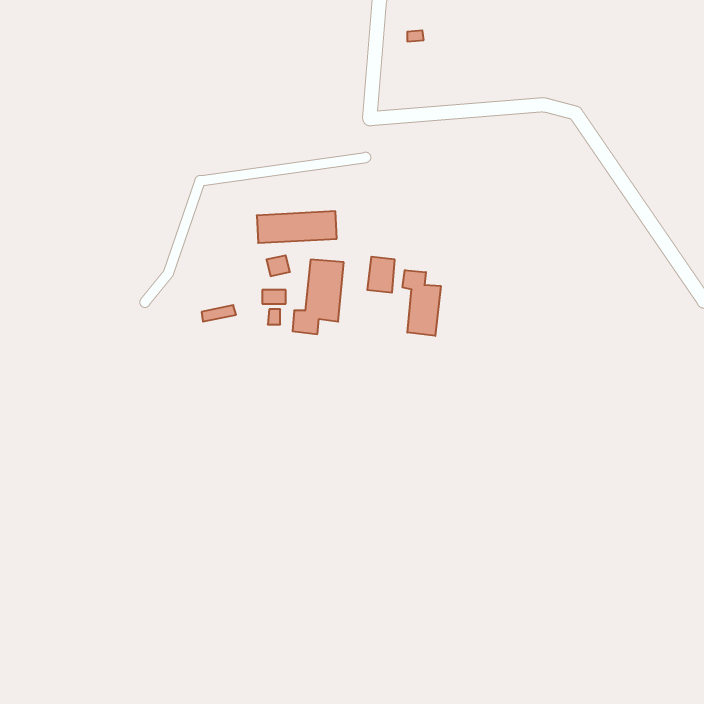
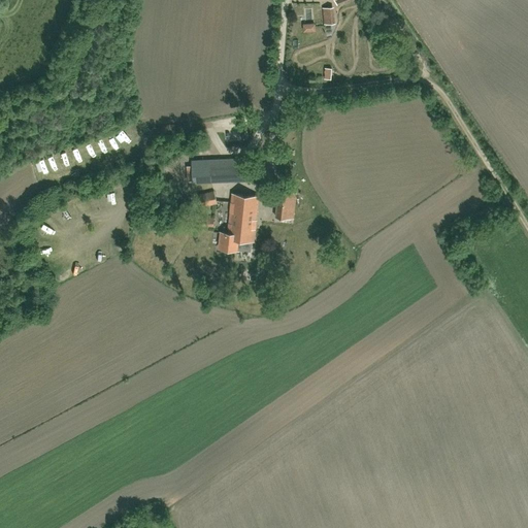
building: [403,270,441,336] -> none

